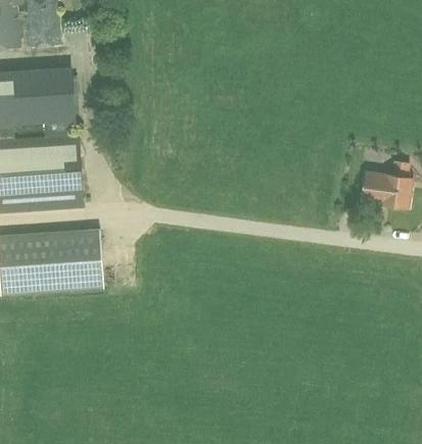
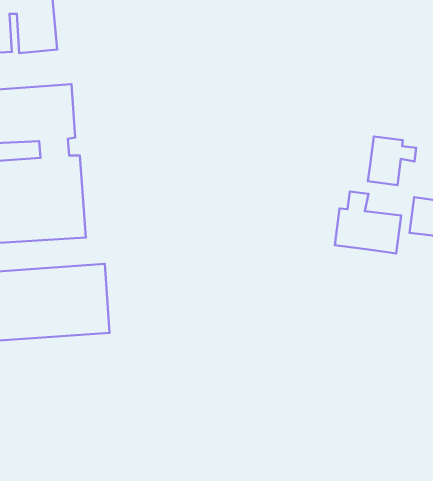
building: none -> [368,137,416,185]
building: none -> [335,191,401,253]

